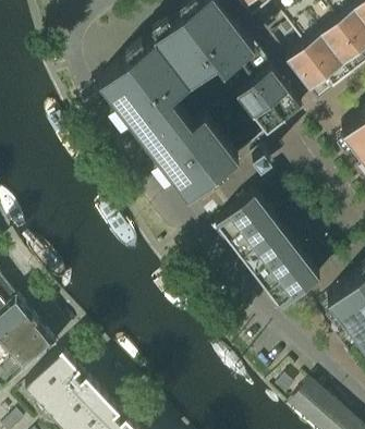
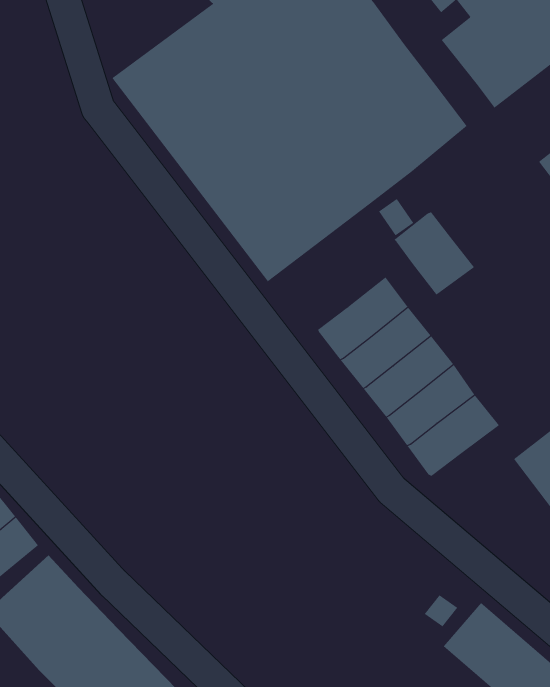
building: none -> [393,212,475,296]

